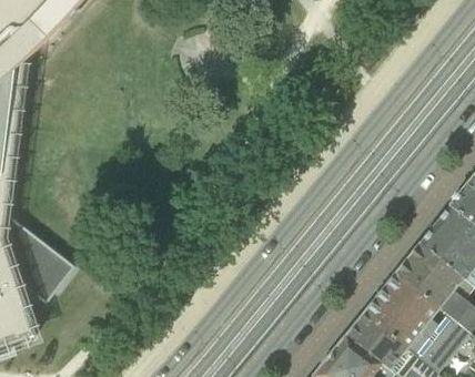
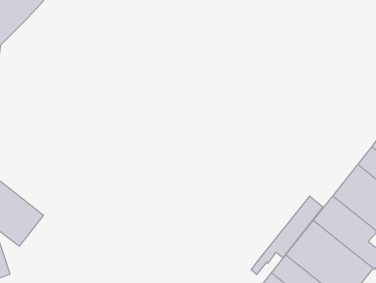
building: none -> [251,196,323,275]

